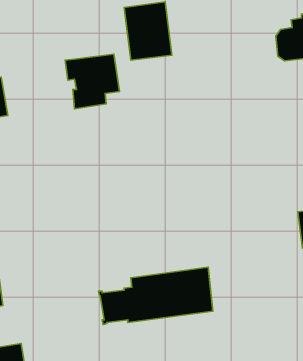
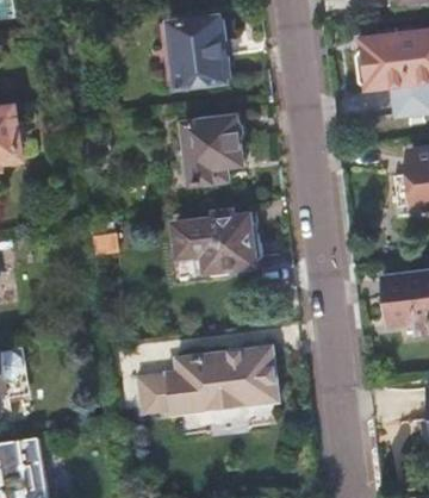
building: [65,54,119,109] -> [174,114,242,182]
building: none -> [174,208,259,274]

